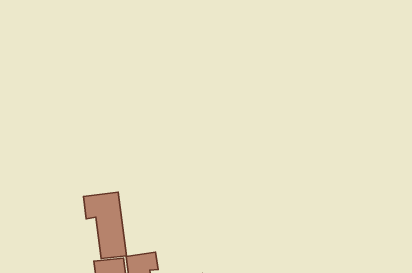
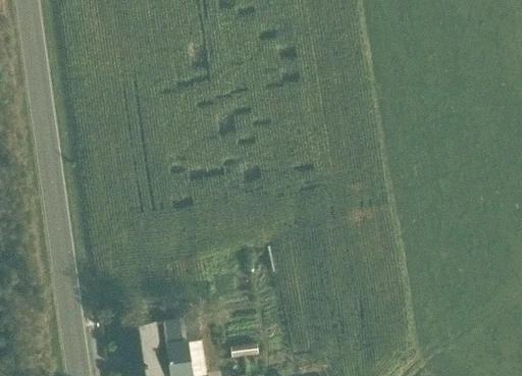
building: [83,192,126,259] -> none

